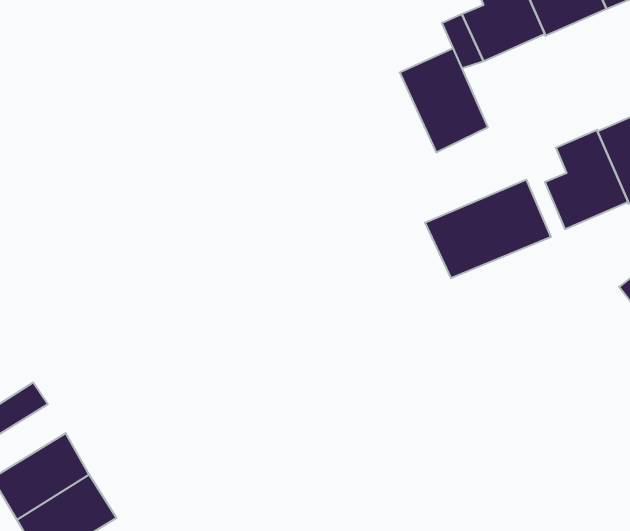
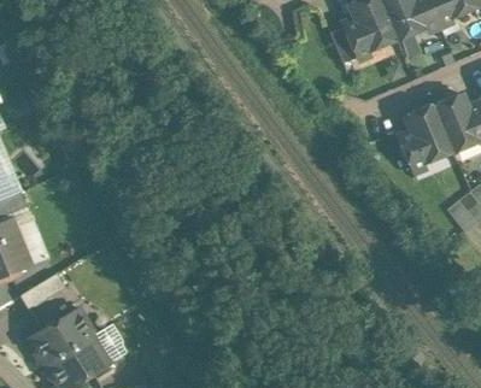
building: [400,48,488,152] -> none
building: [425,180,551,278] -> none

